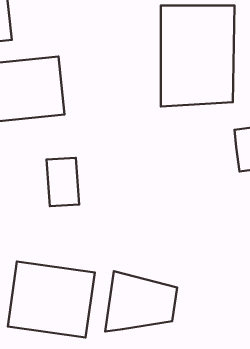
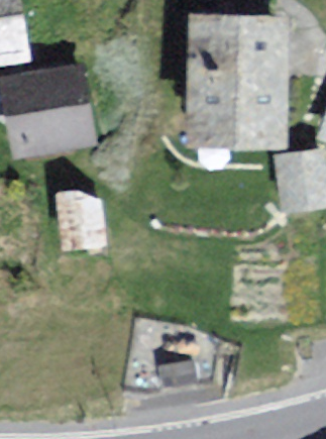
building: [8,262,95,338] -> none

